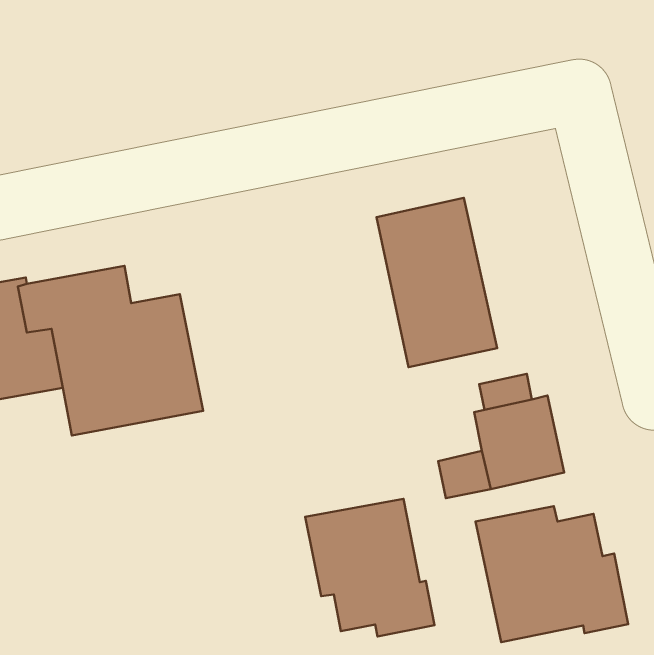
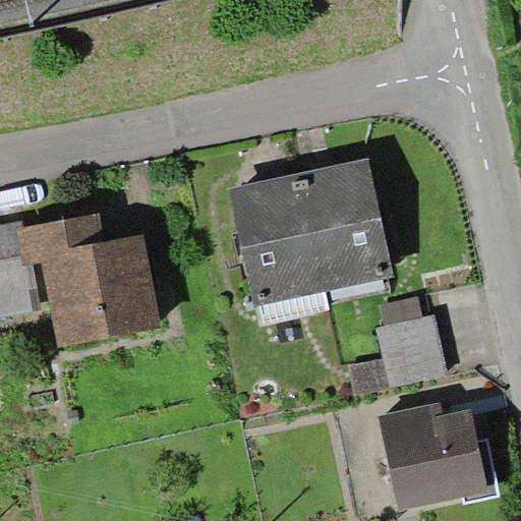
building: none -> [227,173,324,307]
building: [305,499,435,636] -> none

